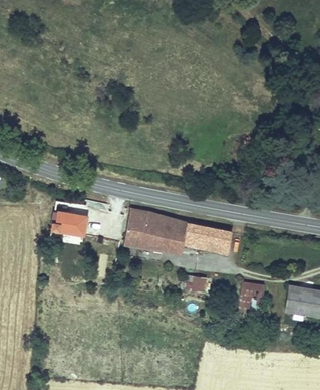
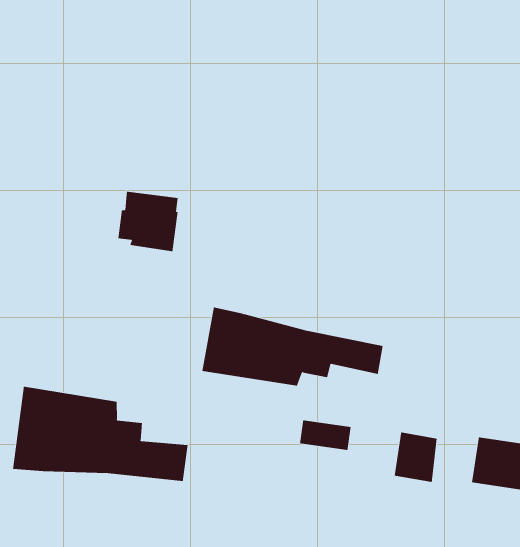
building: [51,202,87,238] -> [118,191,178,252]
building: none -> [13,386,188,482]

